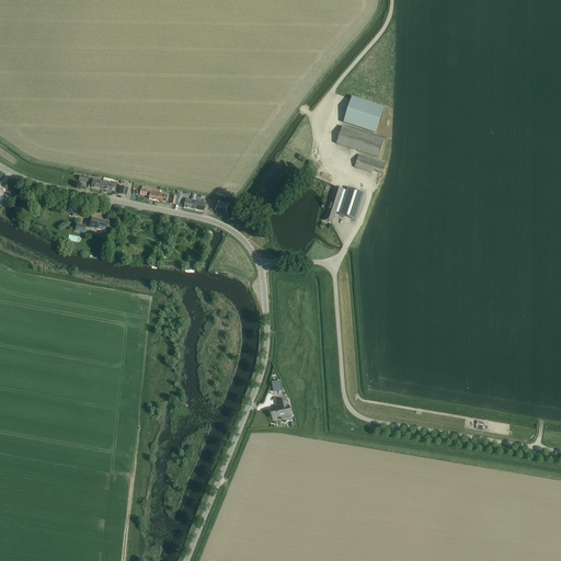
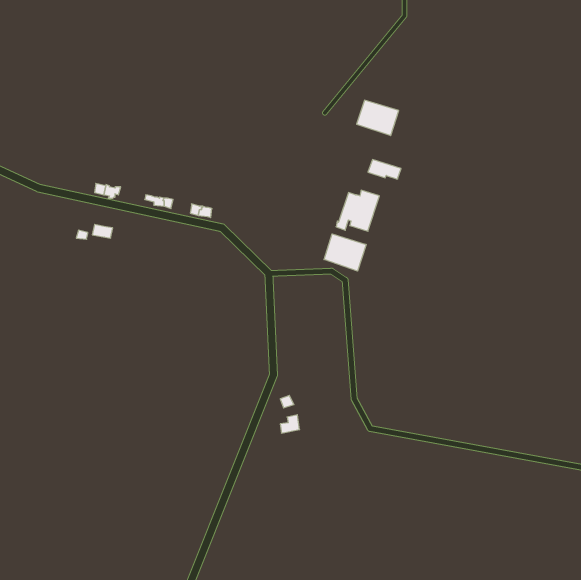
building: [335,125,383,156] -> none
building: none -> [324,234,366,271]

